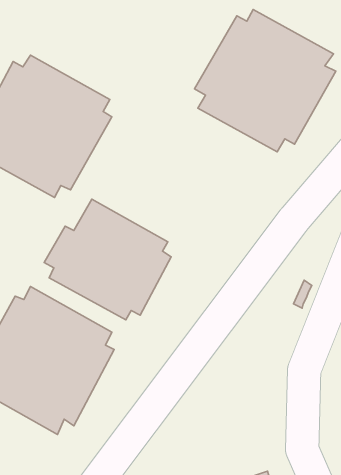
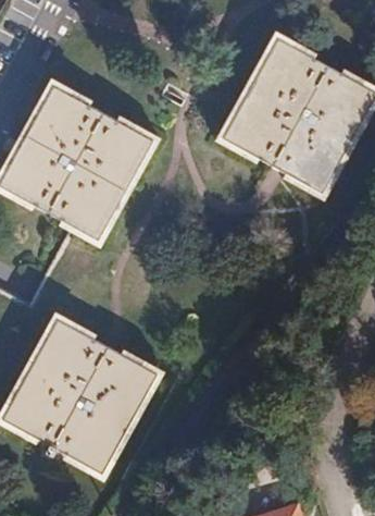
building: [44,199,171,320] -> none

